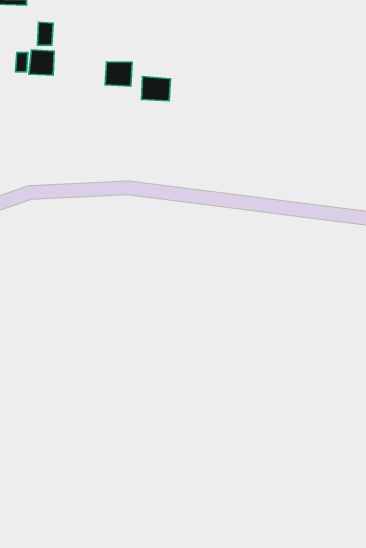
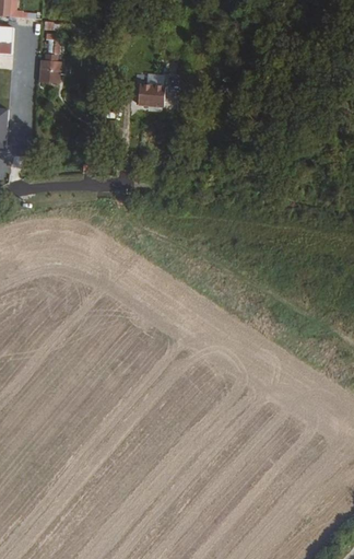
building: [105,62,132,86] -> none

